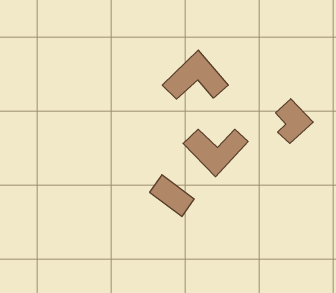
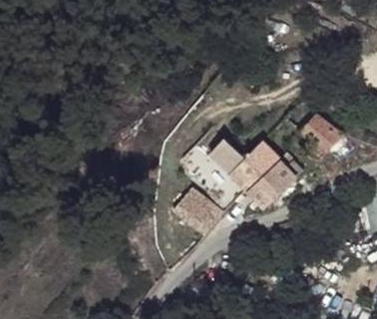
building: [162,50,228,99] -> none
building: none -> [245,154,295,207]

